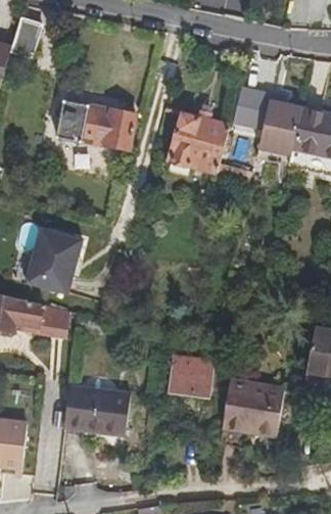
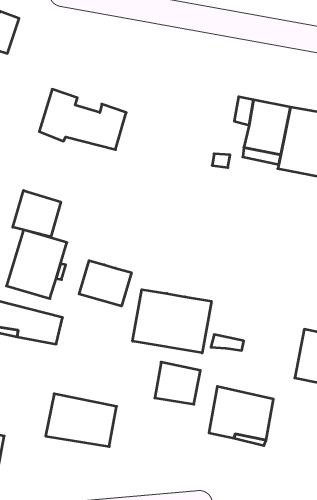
building: [169,112,254,185] -> none
building: none -> [13,190,61,237]
building: none -> [79,261,131,306]
building: none -> [133,290,211,353]

